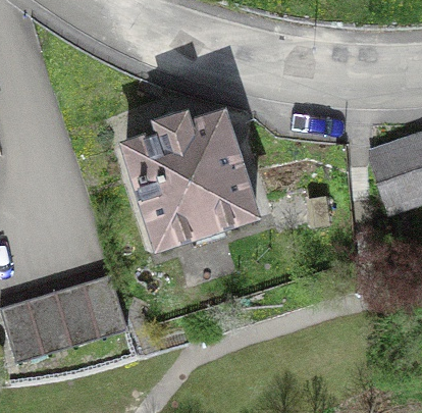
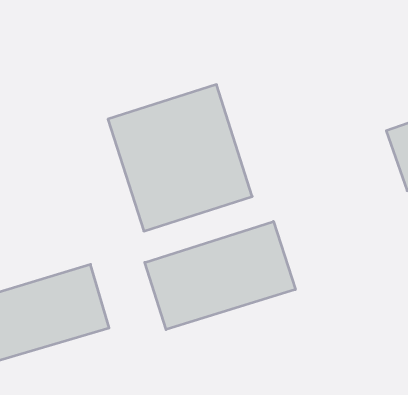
building: none -> [145,221,295,330]

